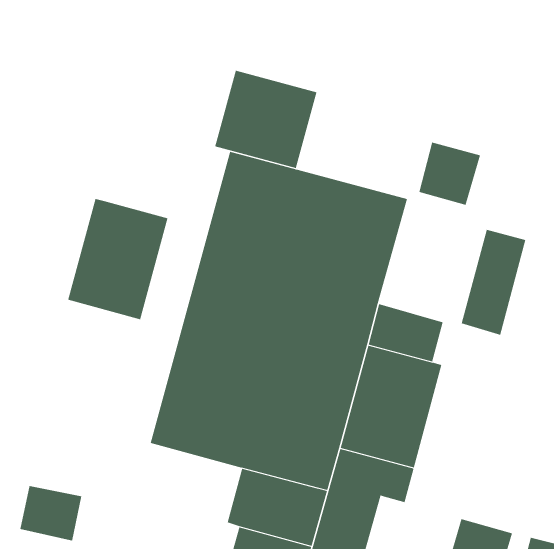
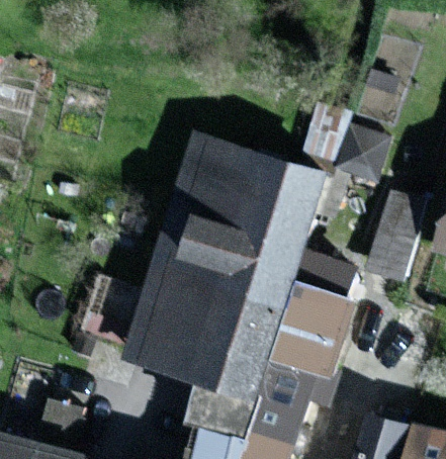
building: [215,70,317,169] -> none
building: [67,198,168,320] -> none

